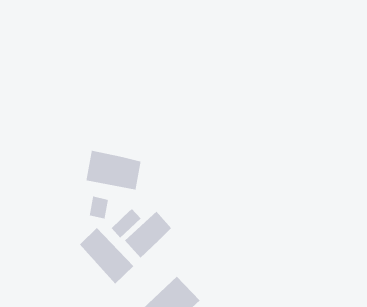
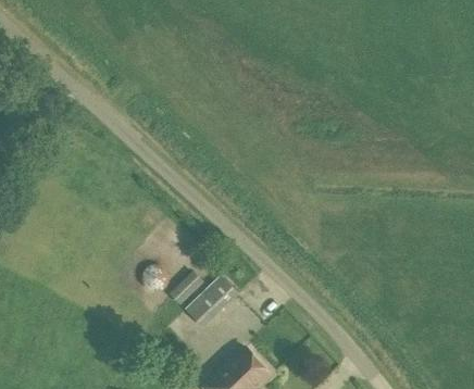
building: [86,150,141,190] -> none
building: [79,227,134,284] -> none

